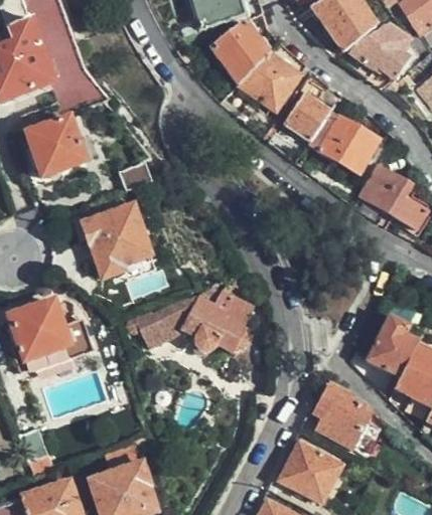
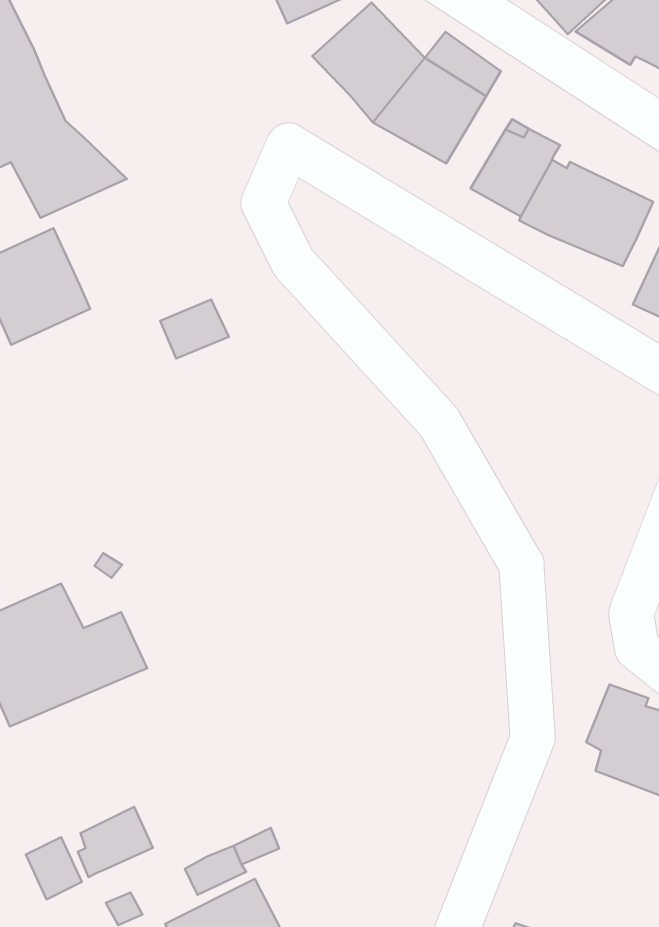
building: [80,205,152,279] -> none
building: [126,278,250,354] -> none
building: none -> [78,807,153,877]
building: [278,442,339,500] -> none

